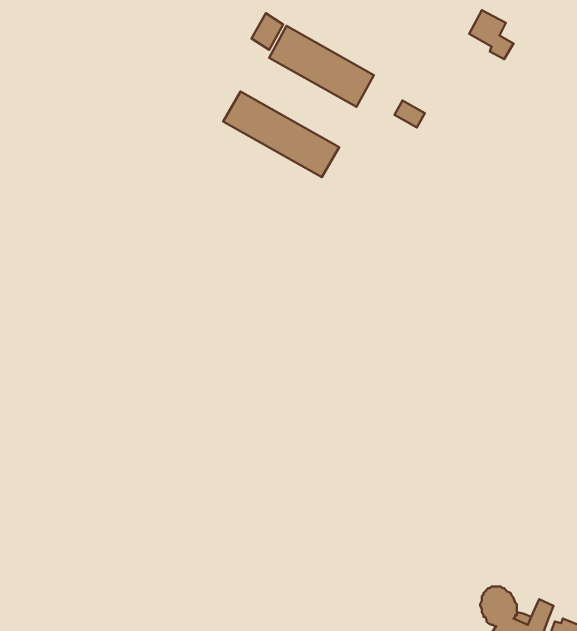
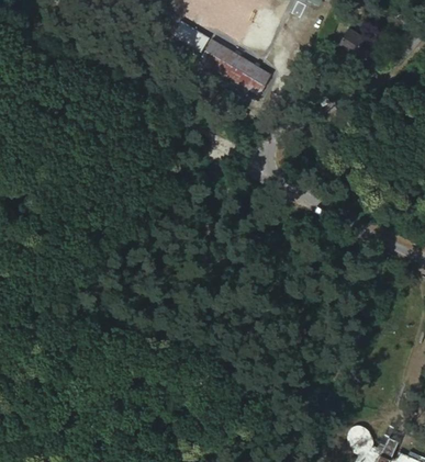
building: [223,92,339,177] -> none

